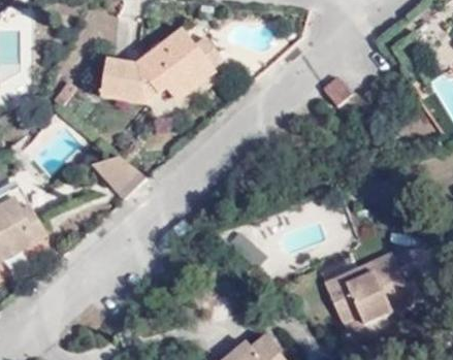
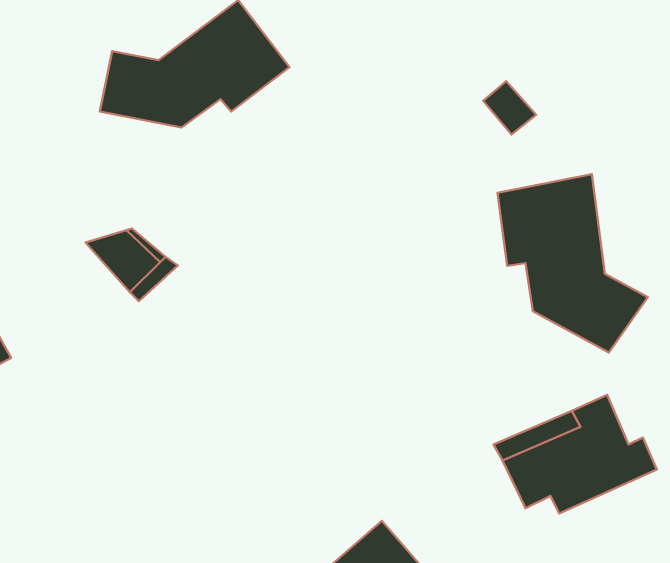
building: none -> [498,174,648,352]

